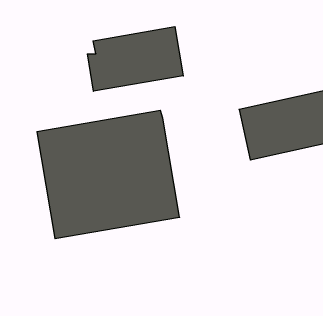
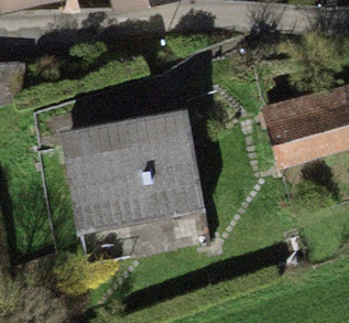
building: [87,27,183,91] -> none

